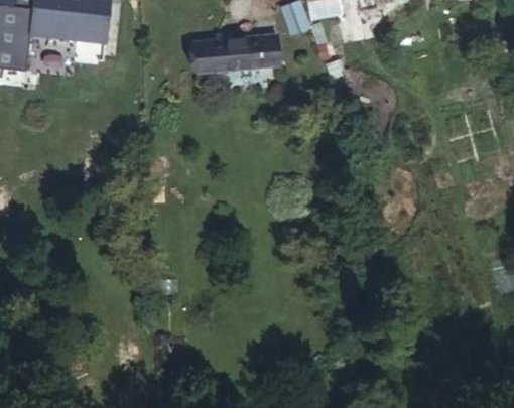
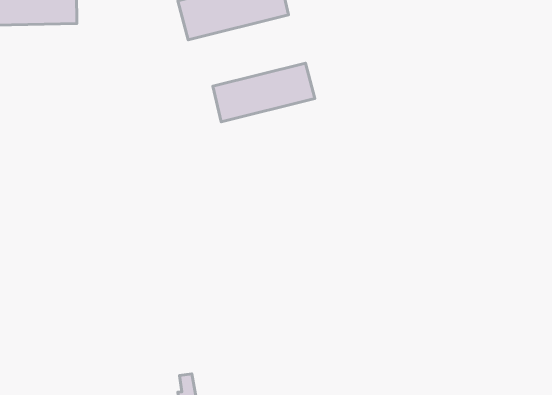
building: none -> [213,63,315,122]

